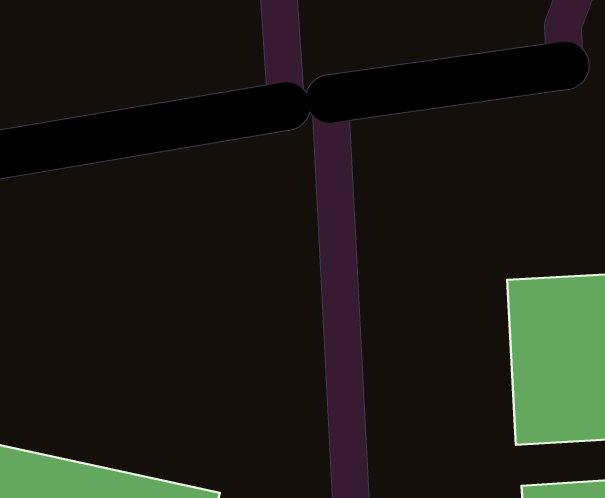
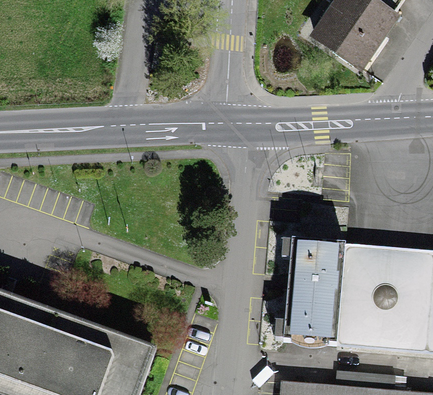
building: none -> [284,242,344,346]

